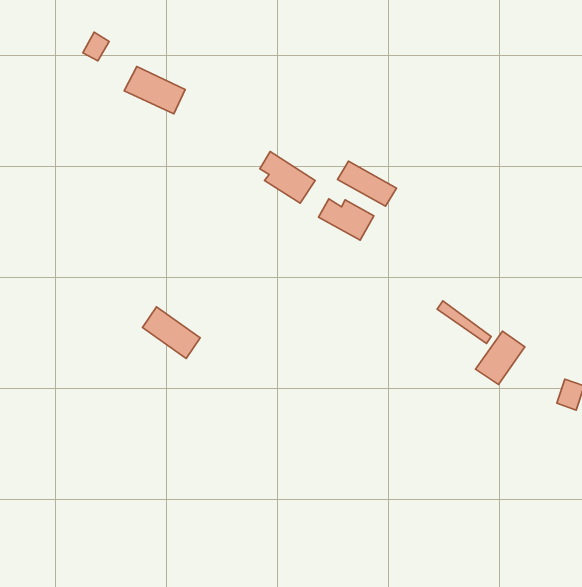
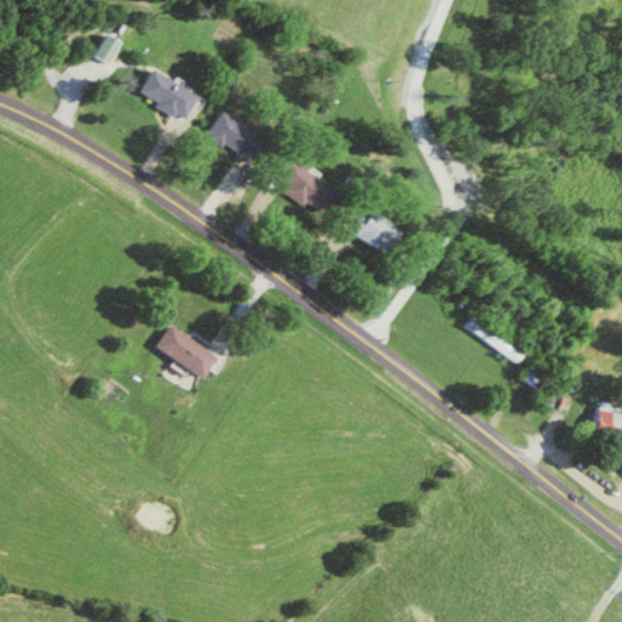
building: none -> [209,113,267,164]
building: [338,161,396,206] -> none
building: [475,331,525,384] -> none

